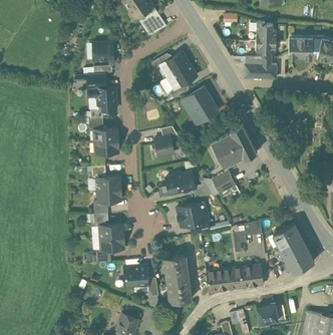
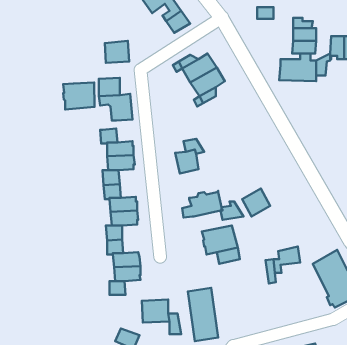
building: none -> [63,83,95,109]
building: [182,85,222,125] -> none
building: [211,127,253,169] -> none
building: [206,266,263,293] -> none

